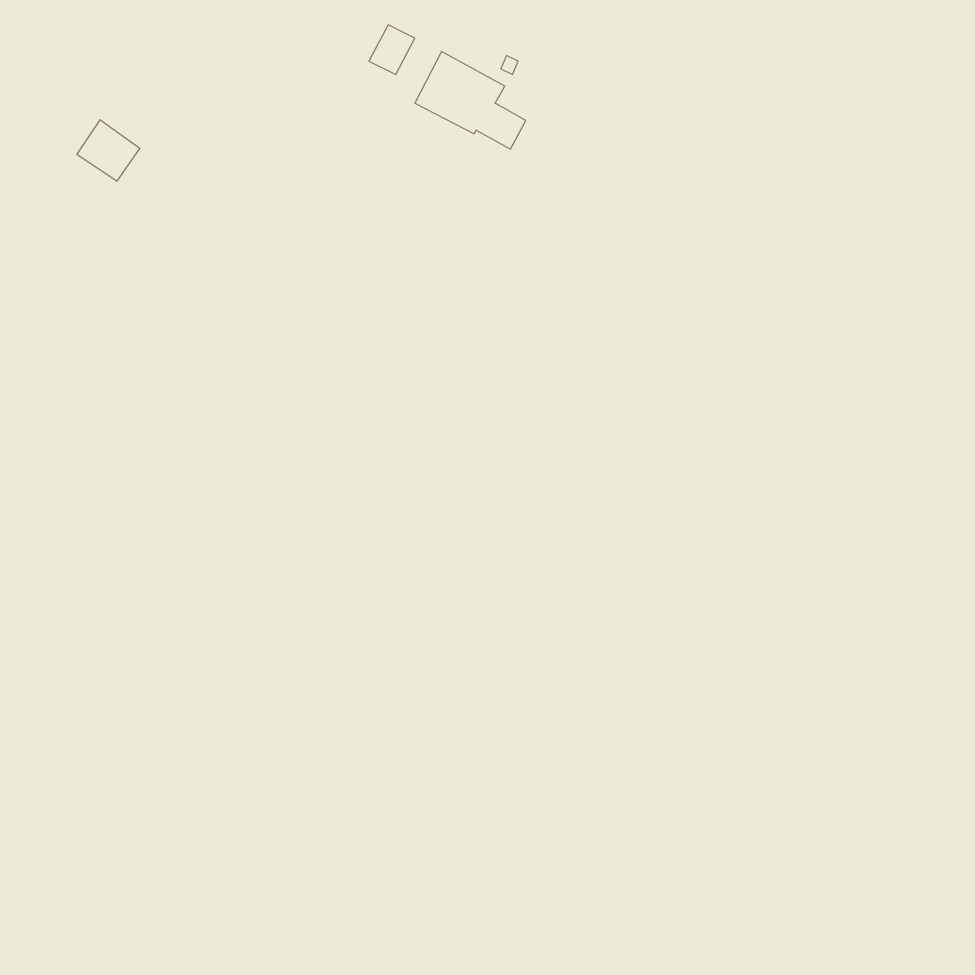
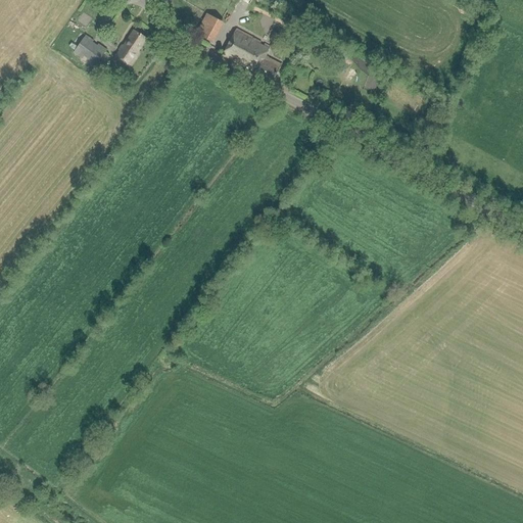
building: none -> [114,31,147,66]
building: [77,120,140,181] -> [74,34,107,66]

